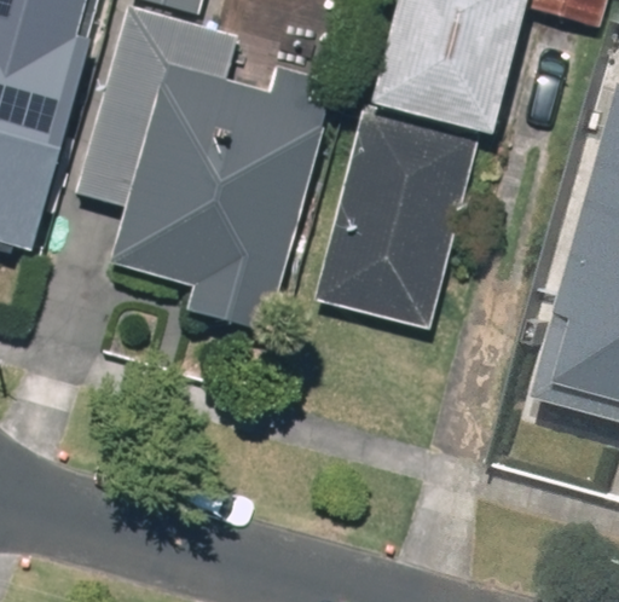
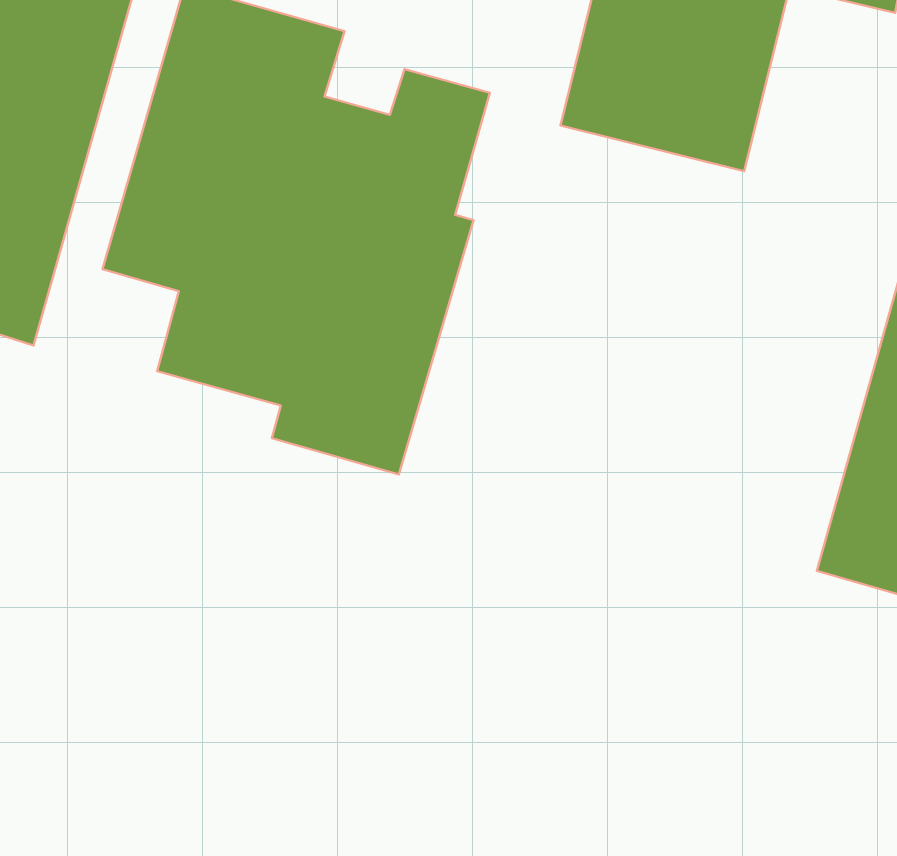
building: [311,144,467,329] -> none

